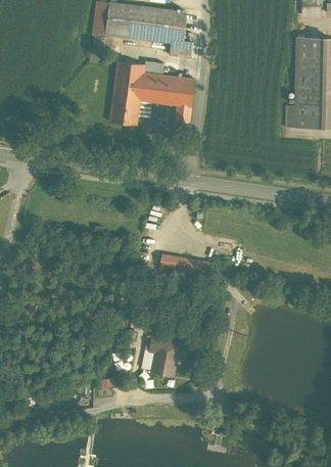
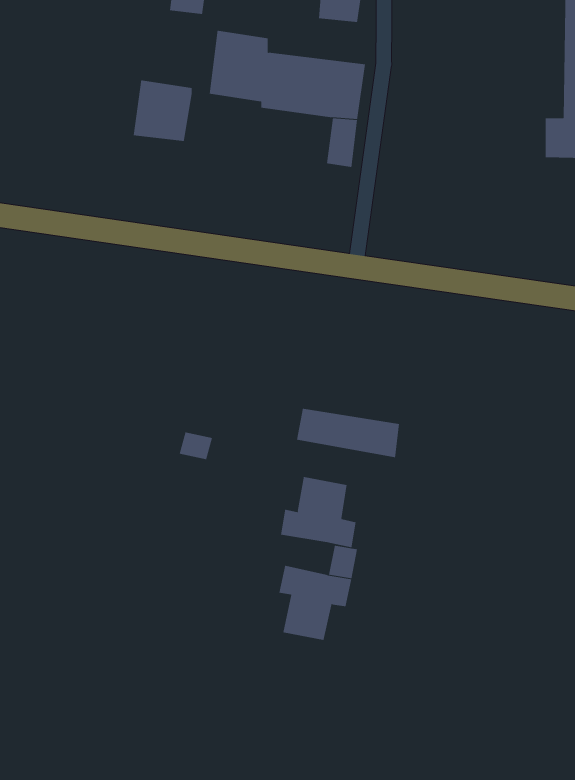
building: [109,93,140,125] -> [133,80,192,141]
building: none -> [280,476,356,548]

